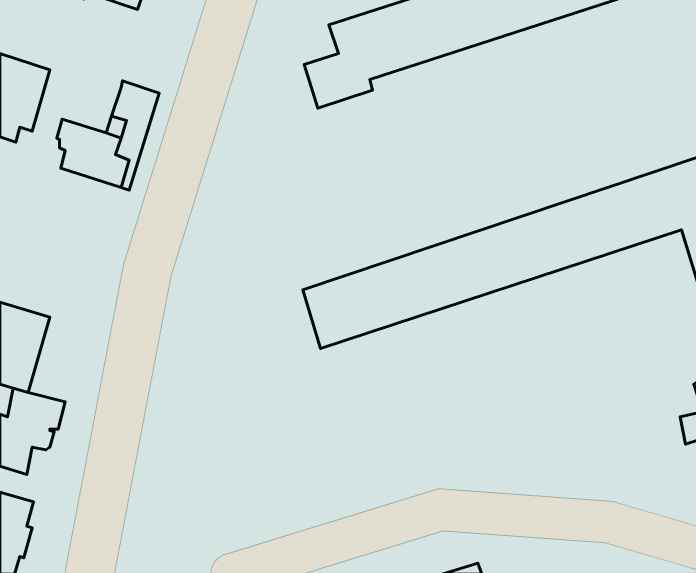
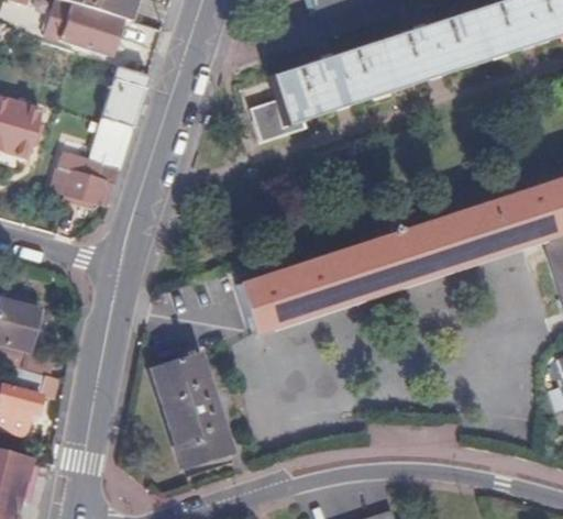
building: none -> [100,79,142,128]
building: none -> [154,345,231,463]

